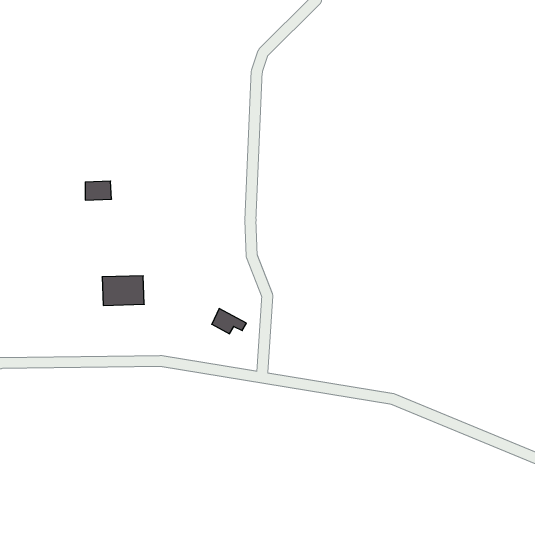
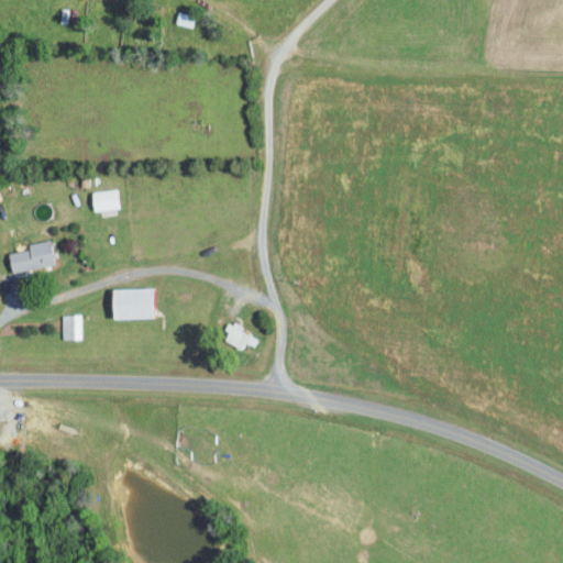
building: none -> [9,241,54,274]
building: none -> [63,316,82,340]

